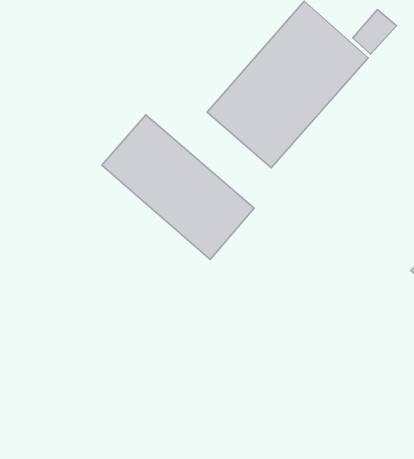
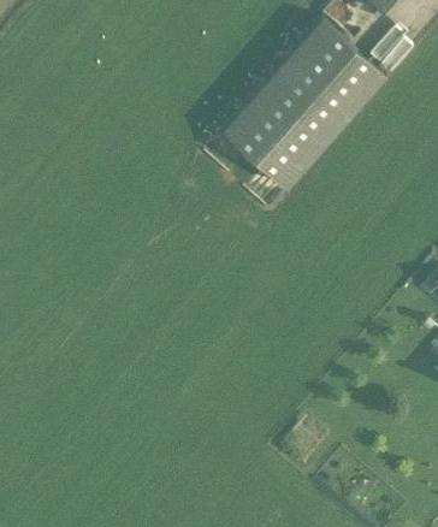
building: [102,115,254,260] -> none

